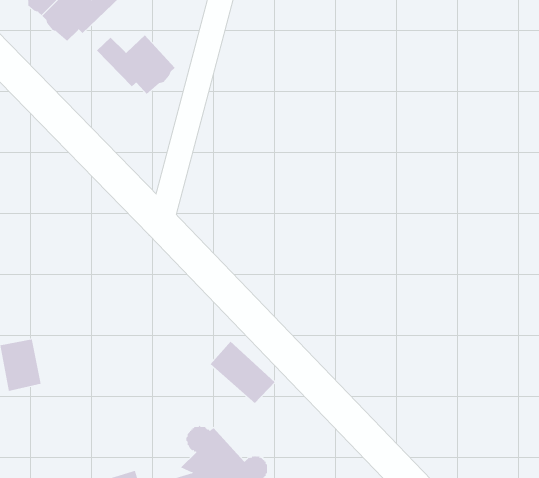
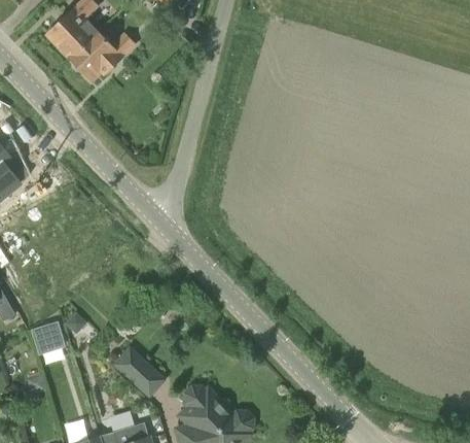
building: [96,35,176,95] -> none
building: [210,341,275,404] -> [113,345,166,396]

